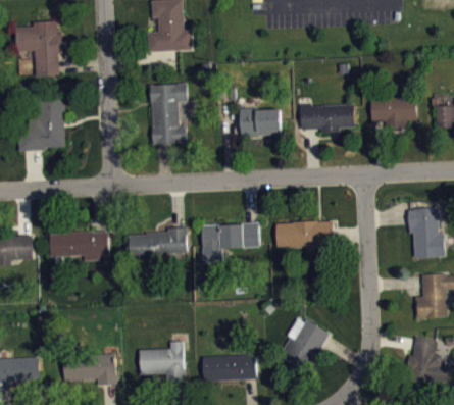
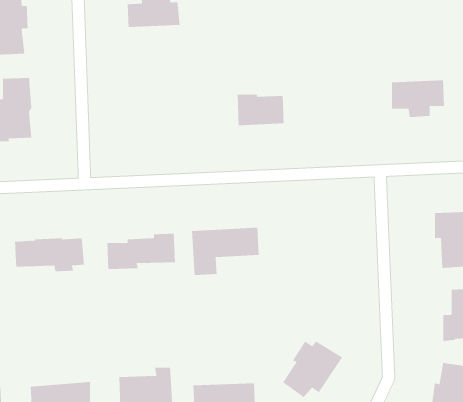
building: [149,84,187,145] -> none
building: [300,104,355,133] -> none
building: [275,221,334,247] -> none

